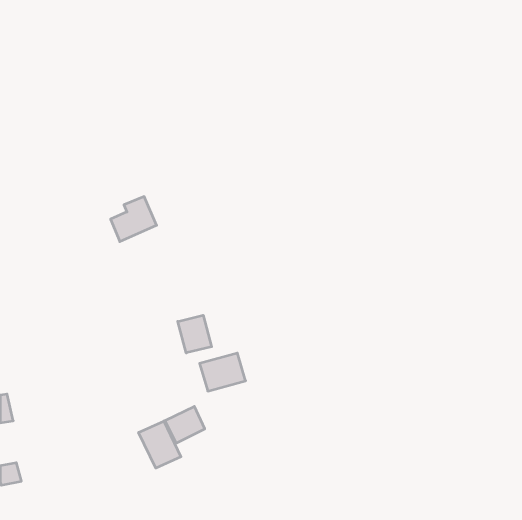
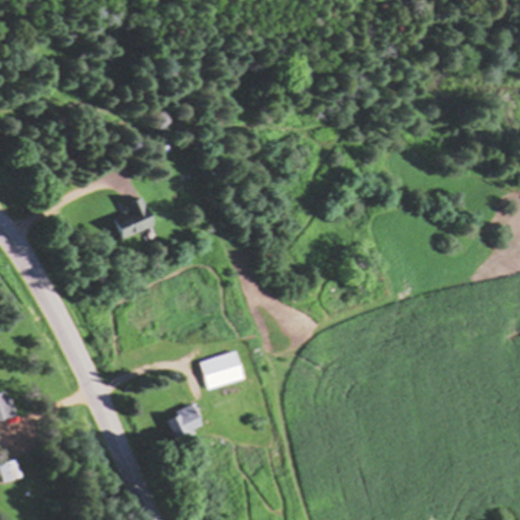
building: [178,315,212,353] -> none
building: [139,421,181,468] -> none

